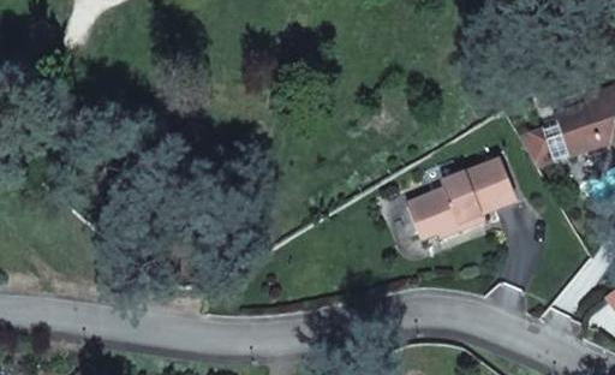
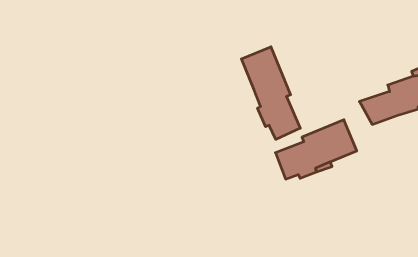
building: none -> [241,47,300,139]

